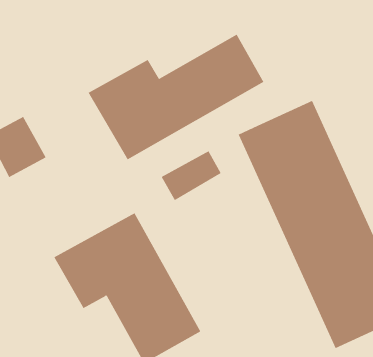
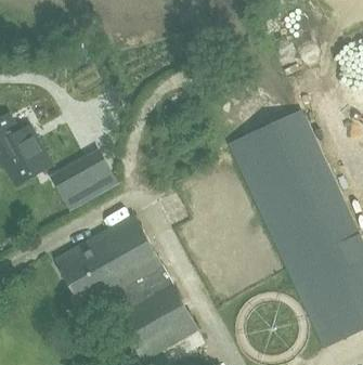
building: [88,34,264,160] -> none
building: [161,150,222,201] -> [57,159,115,207]

